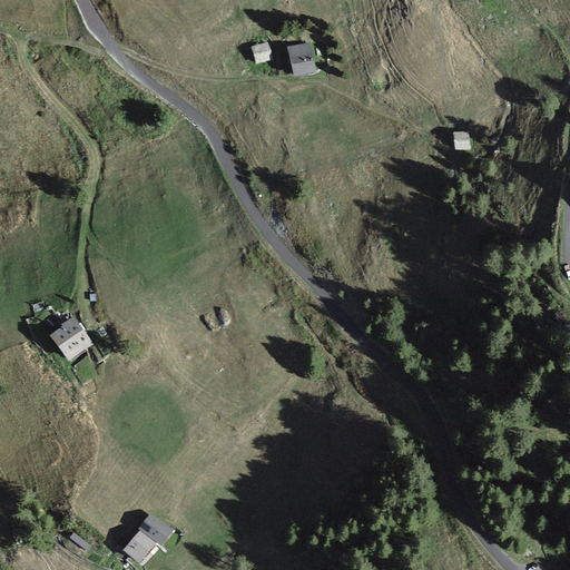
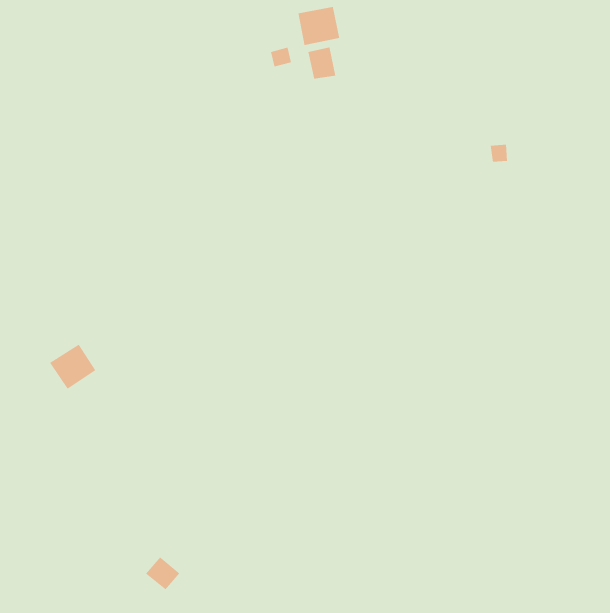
building: none -> [298,6,340,46]
building: [120,532,151,563] -> none

